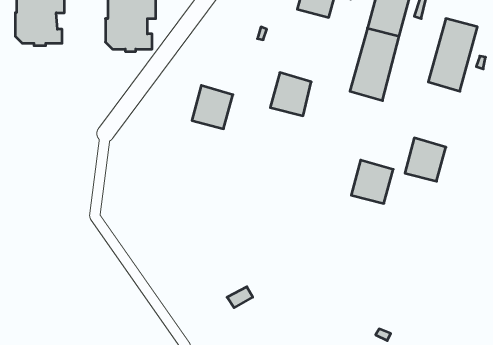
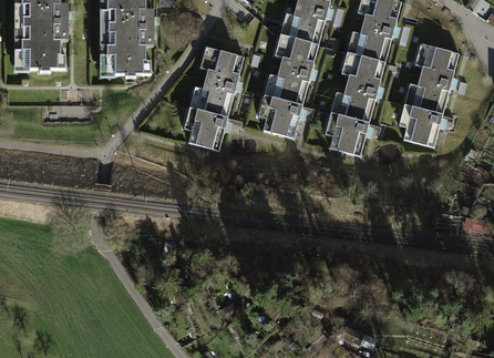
building: none -> [270,35,317,104]
building: none -> [196,47,243,116]
building: [405,138,446,181] -> [402,104,441,145]
building: [351,160,393,203] -> [328,113,368,154]

